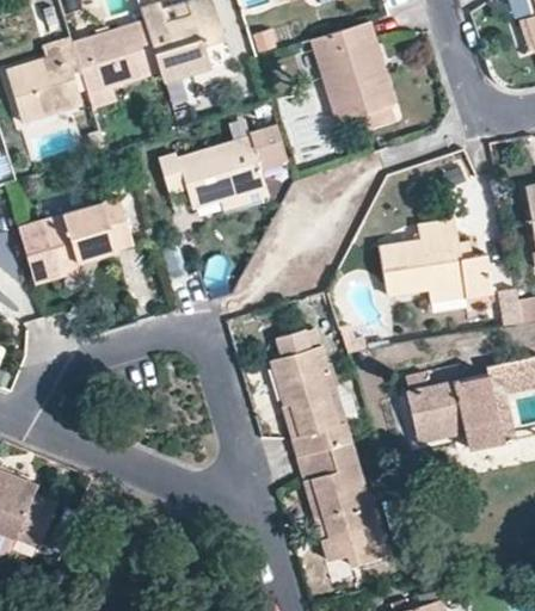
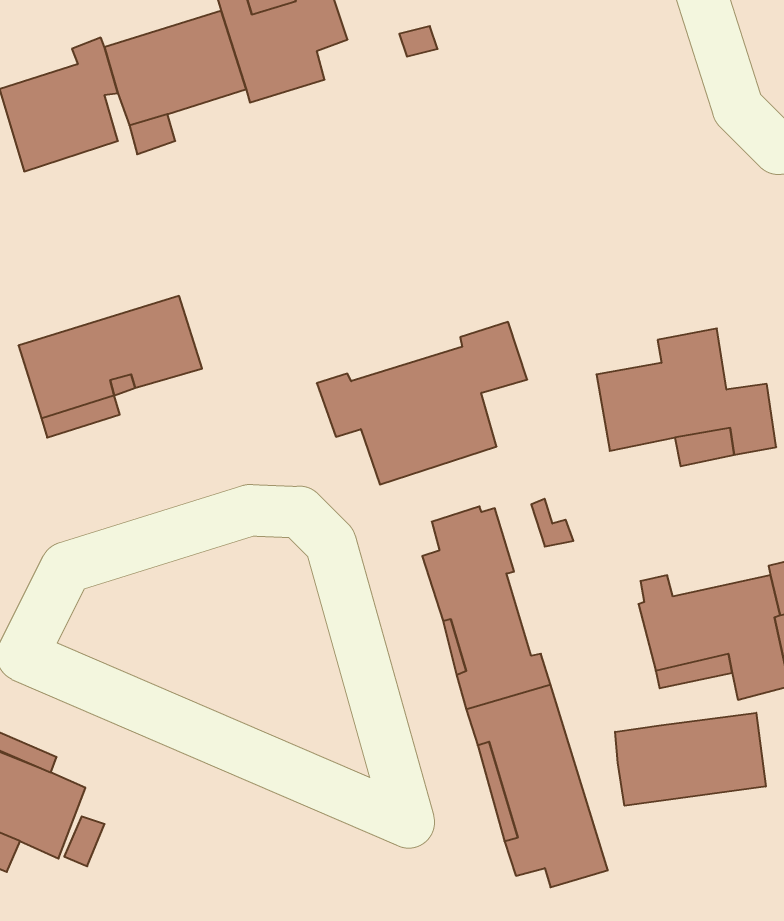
building: [309,21,395,129] -> none
building: [156,121,288,222] -> [317,322,527,485]
building: none -> [615,713,766,806]

